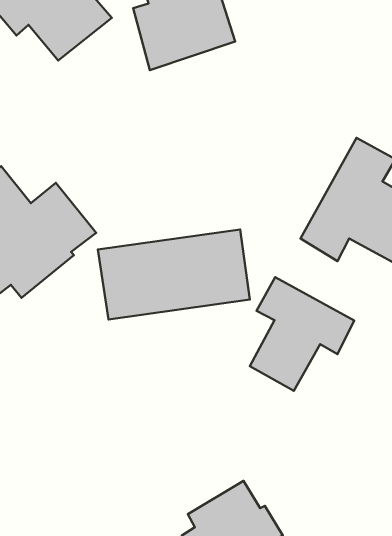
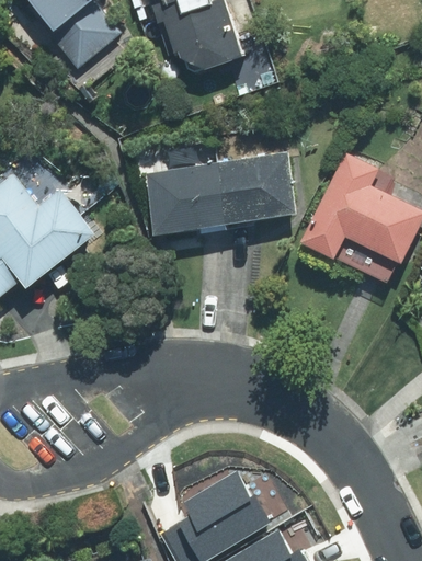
building: [98,229,250,320] -> [161,147,301,230]
building: [250,277,354,391] -> none

